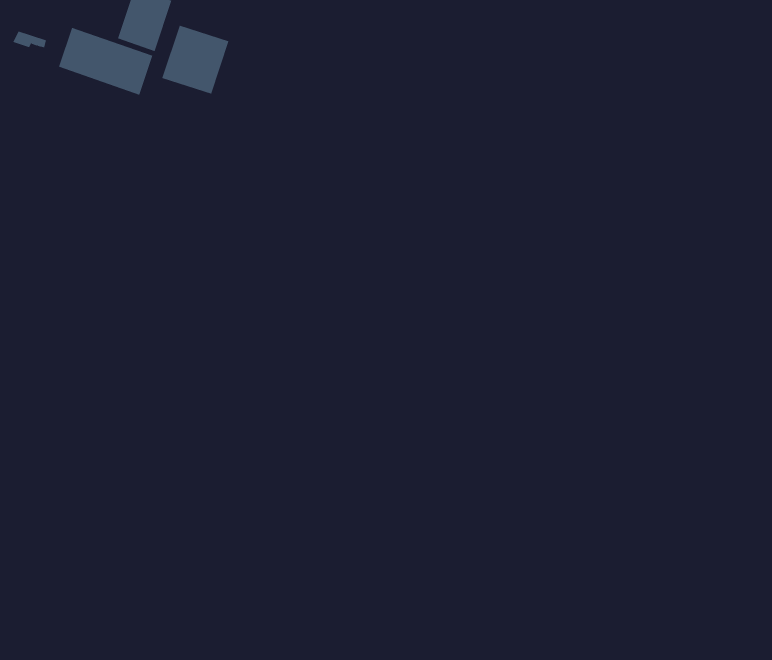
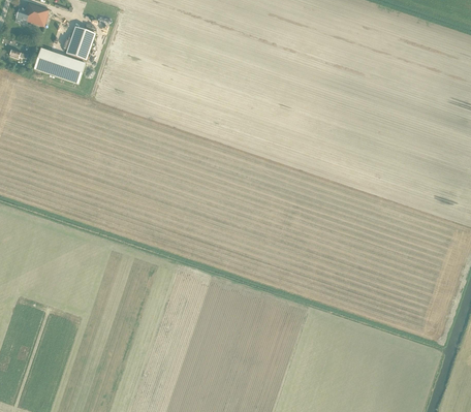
building: [162,25,229,94] -> none

